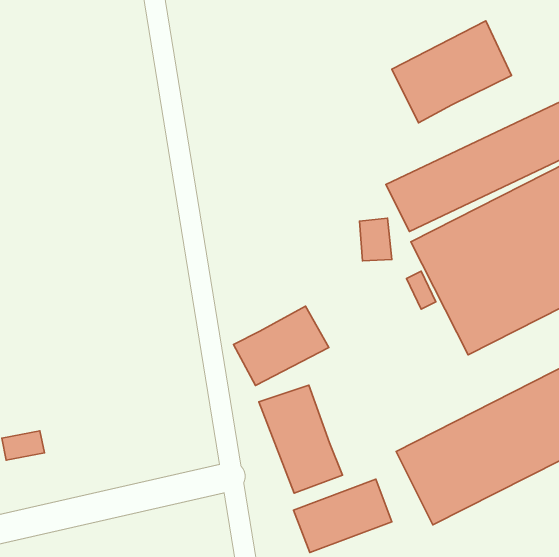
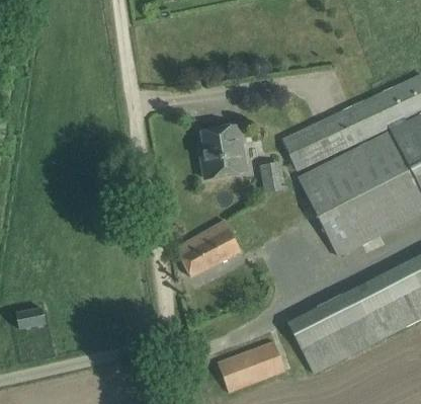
building: [392,21,511,123] -> none
building: none -> [200,126,245,178]
building: [259,385,343,493] -> none

